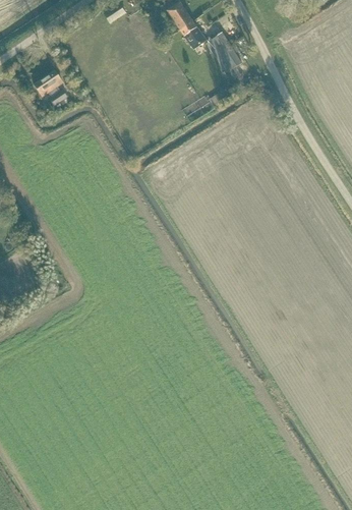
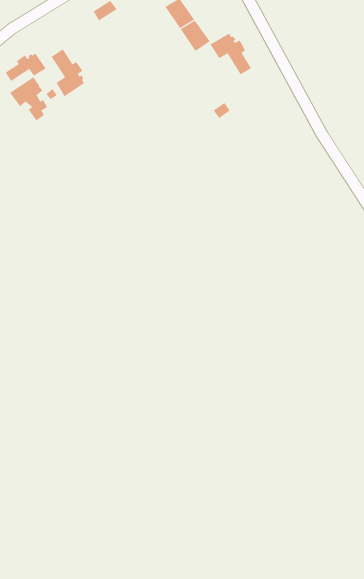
building: none -> [51,49,85,97]
building: none -> [5,53,46,82]

